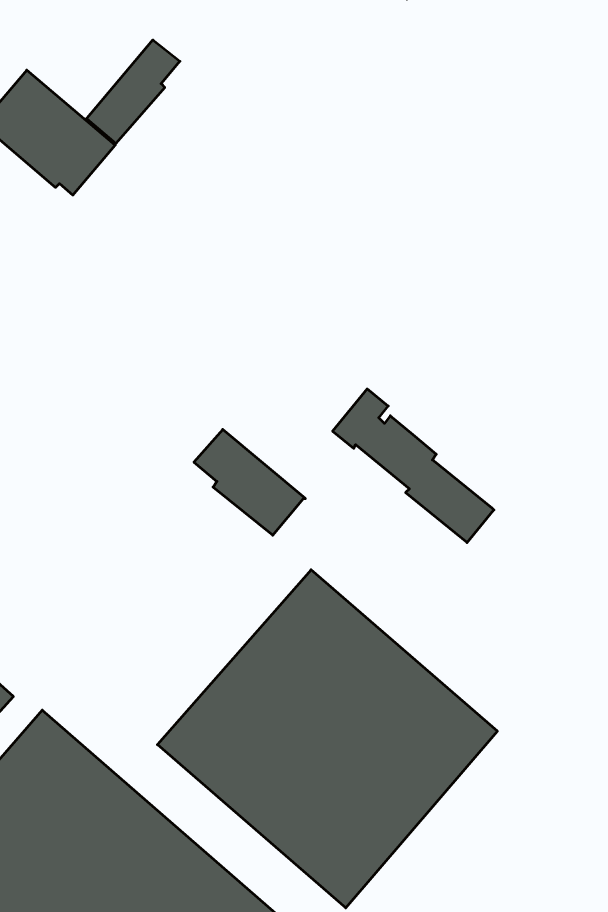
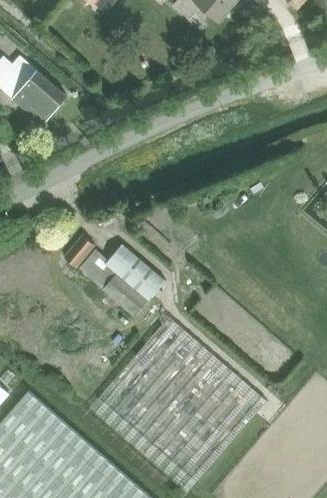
building: [85,40,180,144] -> none
building: [333,389,494,543] -> [66,237,150,317]

